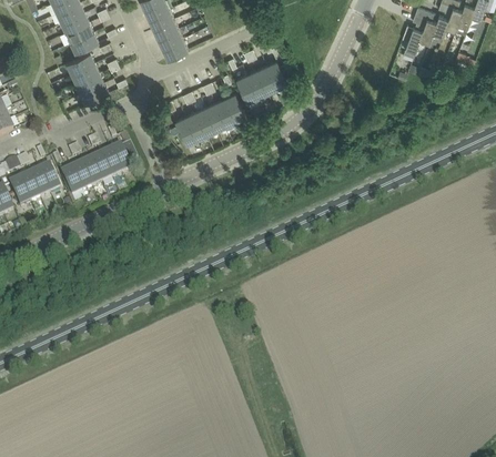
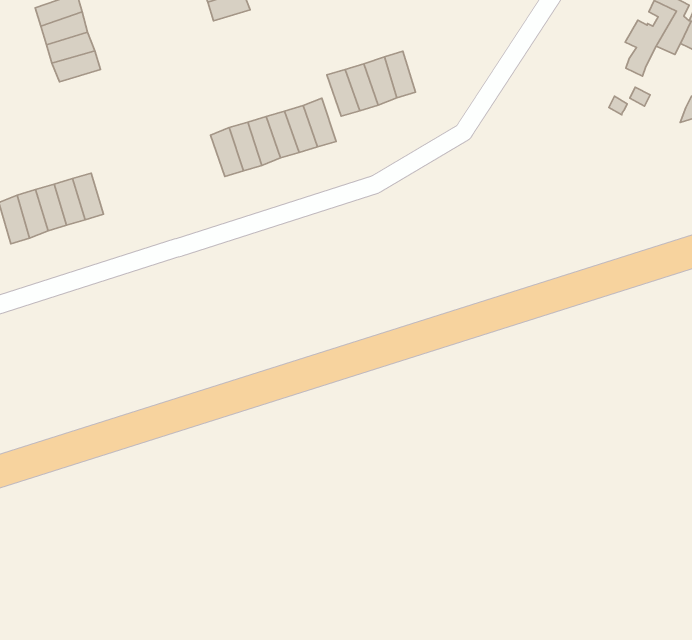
building: [109,142,135,173] -> none

